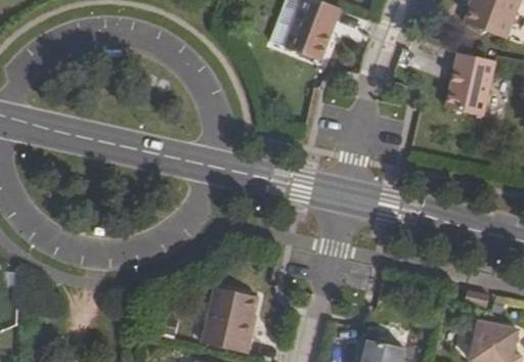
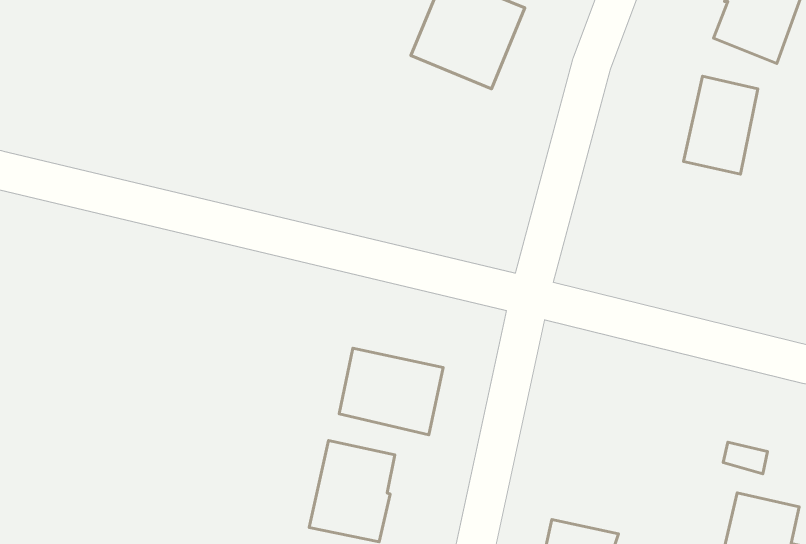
building: none -> [339,348,443,435]

